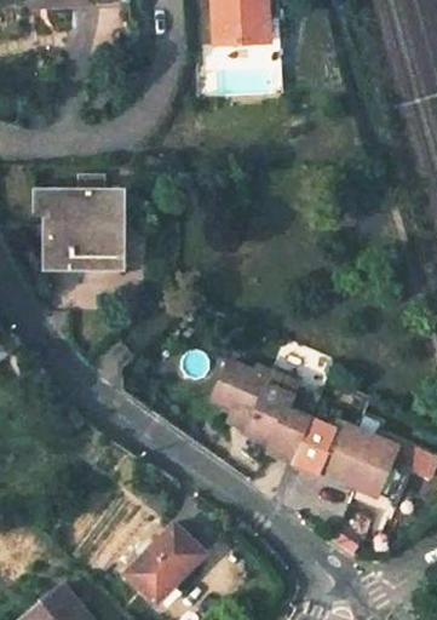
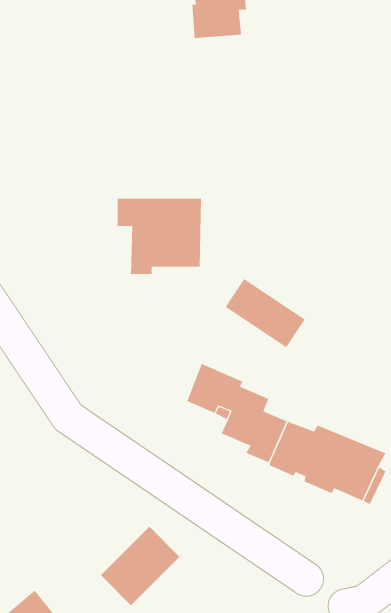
building: [38,191,121,266] -> [117,198,202,275]
building: none -> [225,278,305,348]

